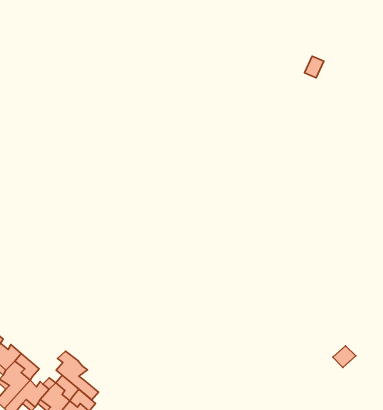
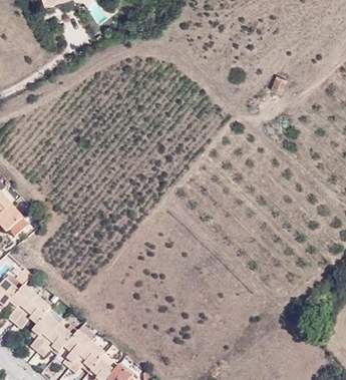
building: [56,351,99,400] -> none

